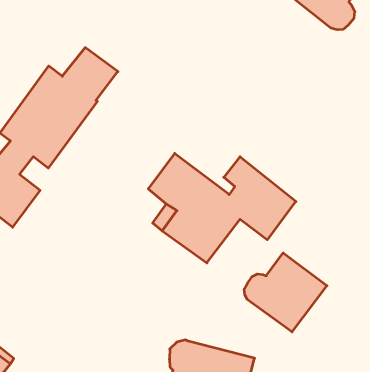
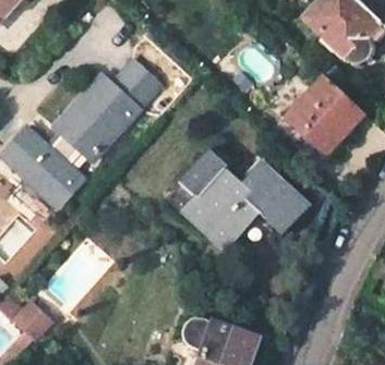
building: none -> [286,76,363,153]
building: [244,253,327,332] -> none

